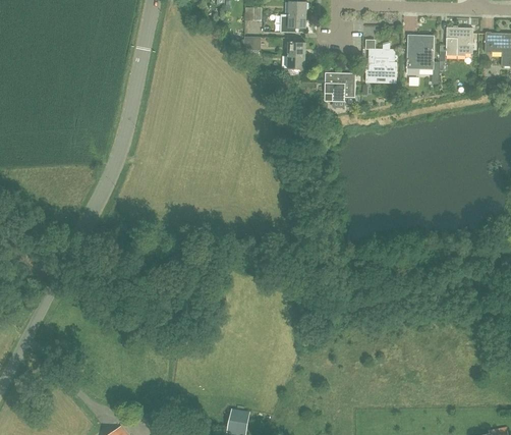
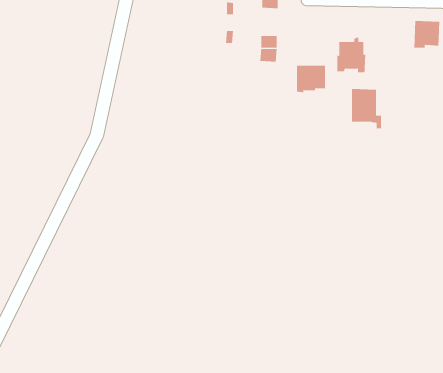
building: [279,13,305,32] -> none
building: [406,34,438,75] -> [351,88,382,129]

